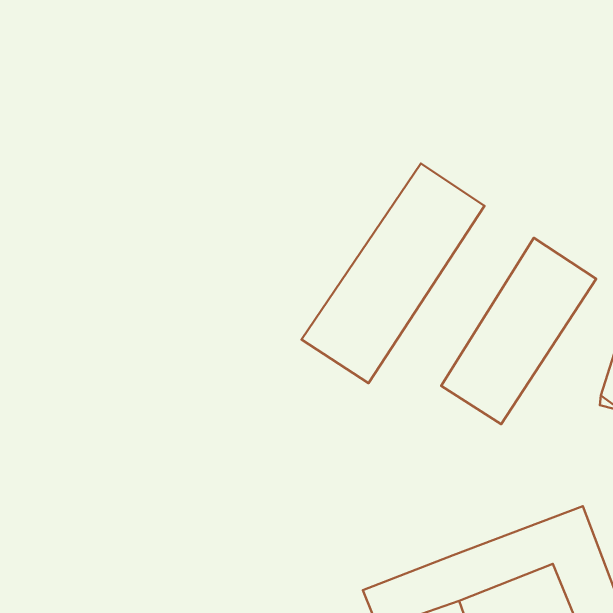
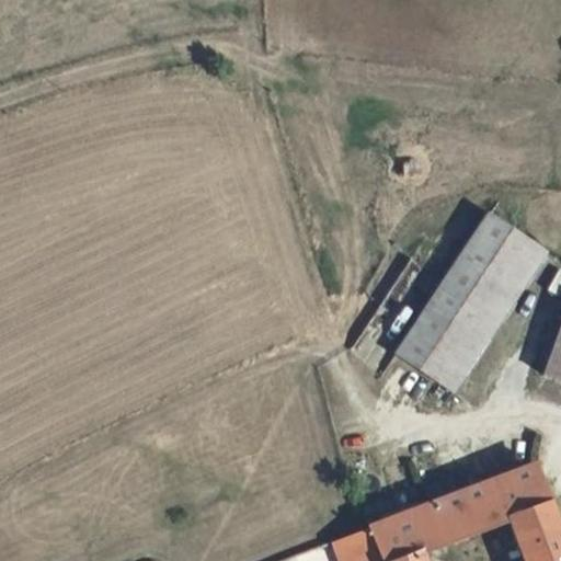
building: [301,163,484,383] -> none

